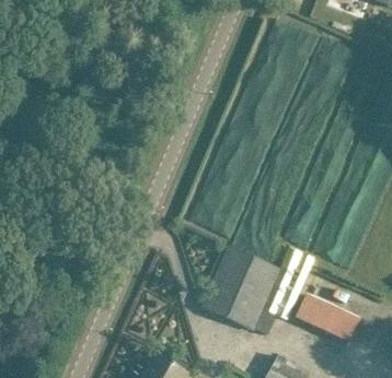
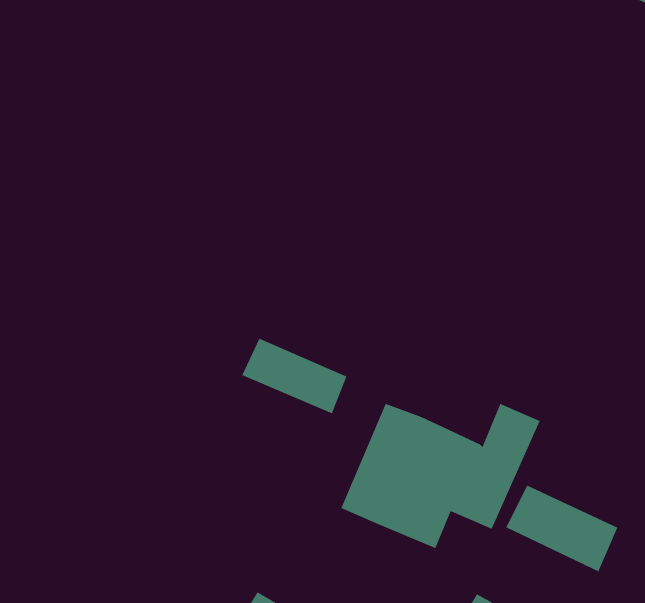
building: none -> [241,338,347,414]

